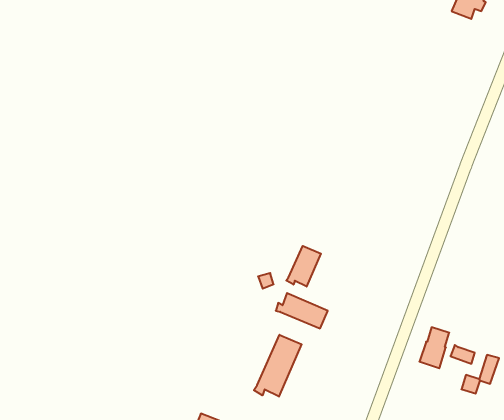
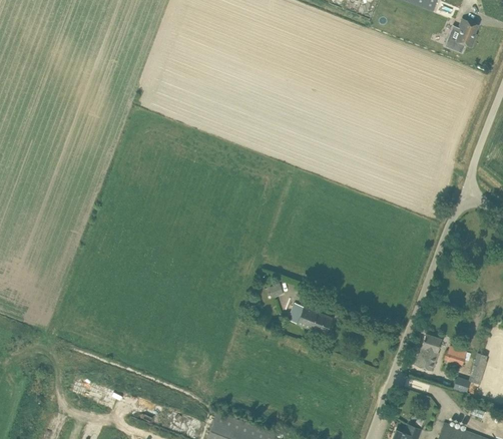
building: [286,246,321,287] -> none
building: [254,335,302,397] -> none

